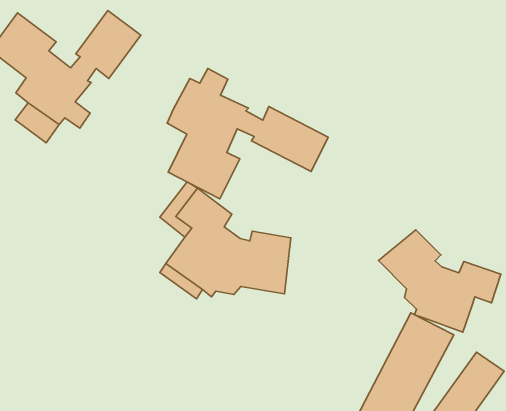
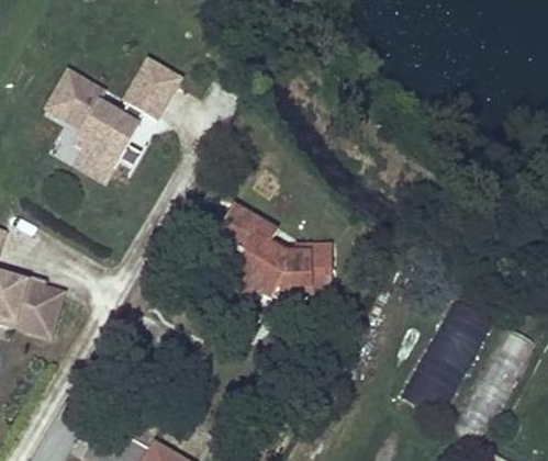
building: [167,68,328,199] -> none
building: [378,230,501,332] -> none

